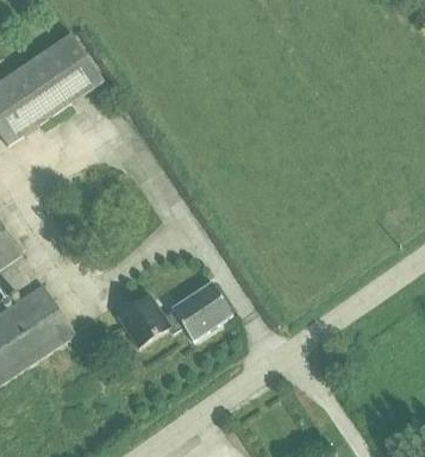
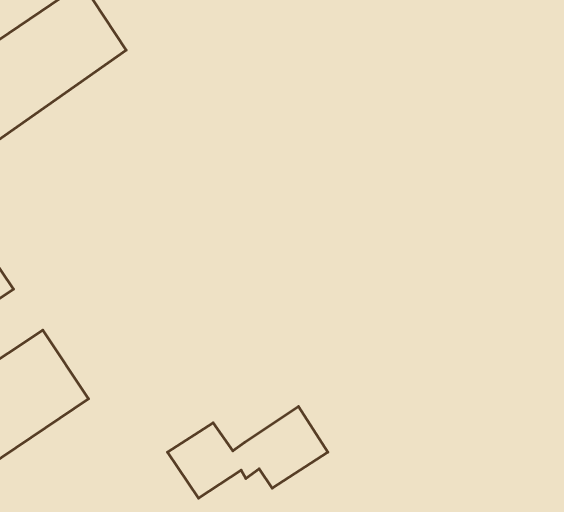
building: [115,282,232,349] -> [167,407,328,498]

